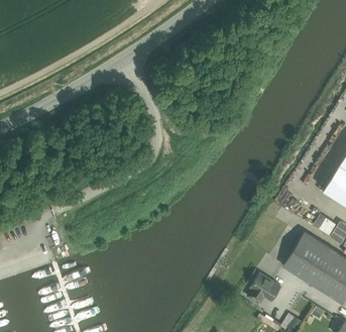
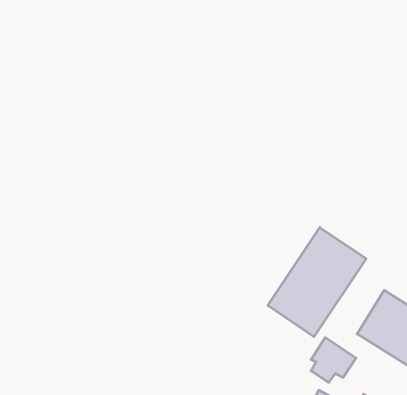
building: none -> [268,227,366,337]

